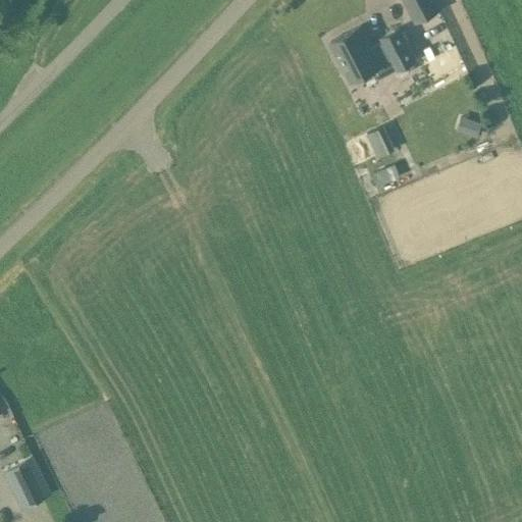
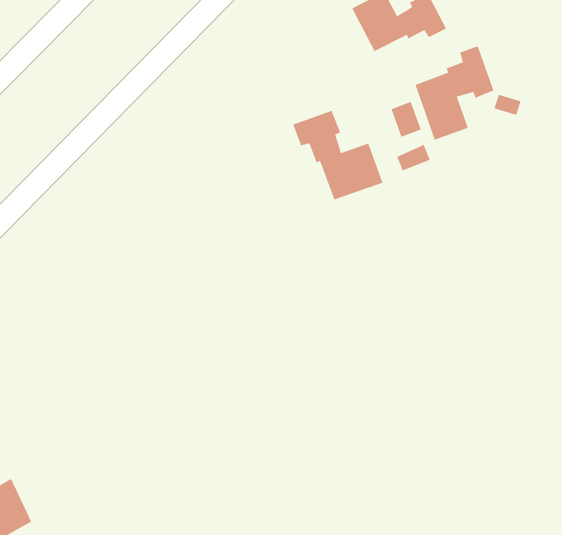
building: none -> [414,45,494,141]
building: none -> [292,110,383,201]

